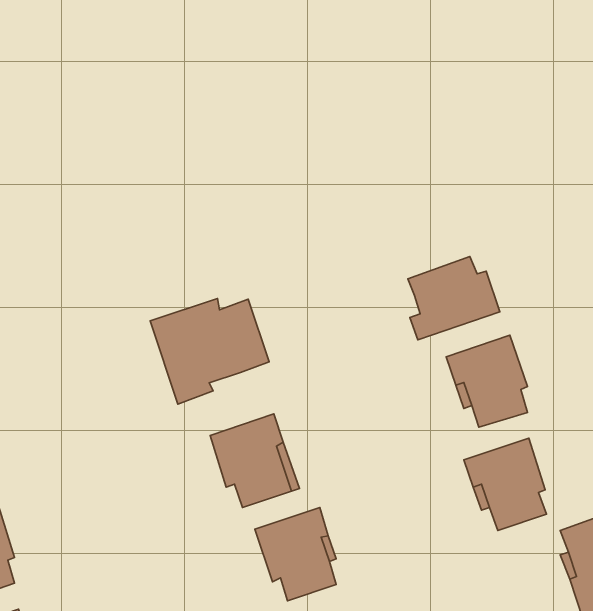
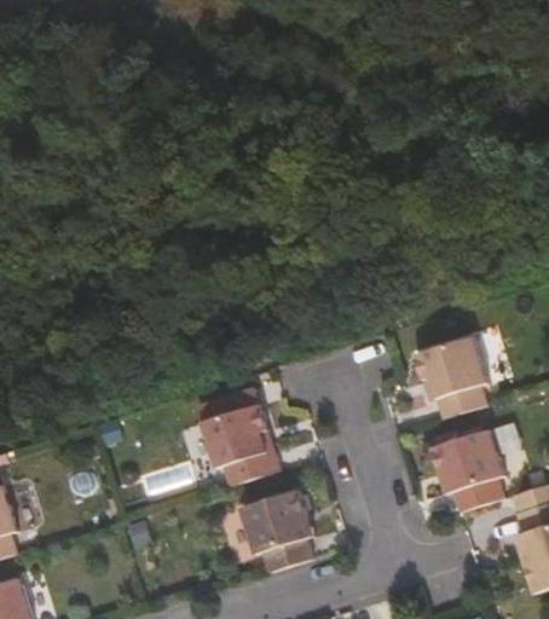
building: [408,257,500,340] -> none
building: [150,298,269,404] -> none

